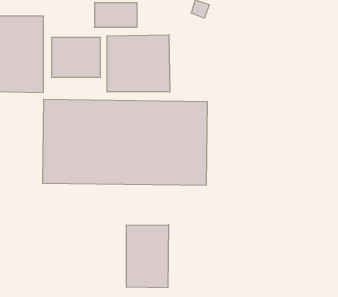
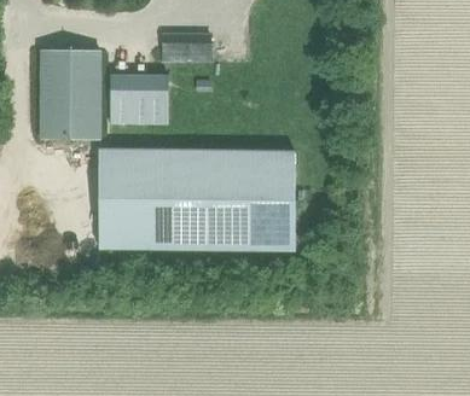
building: [107,35,170,92] -> none
building: [126,225,169,288] -> none

